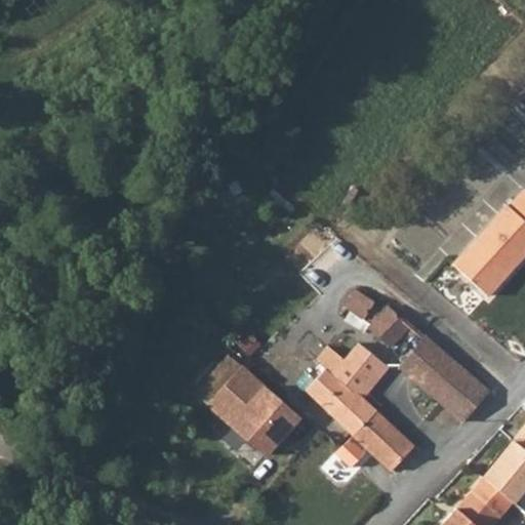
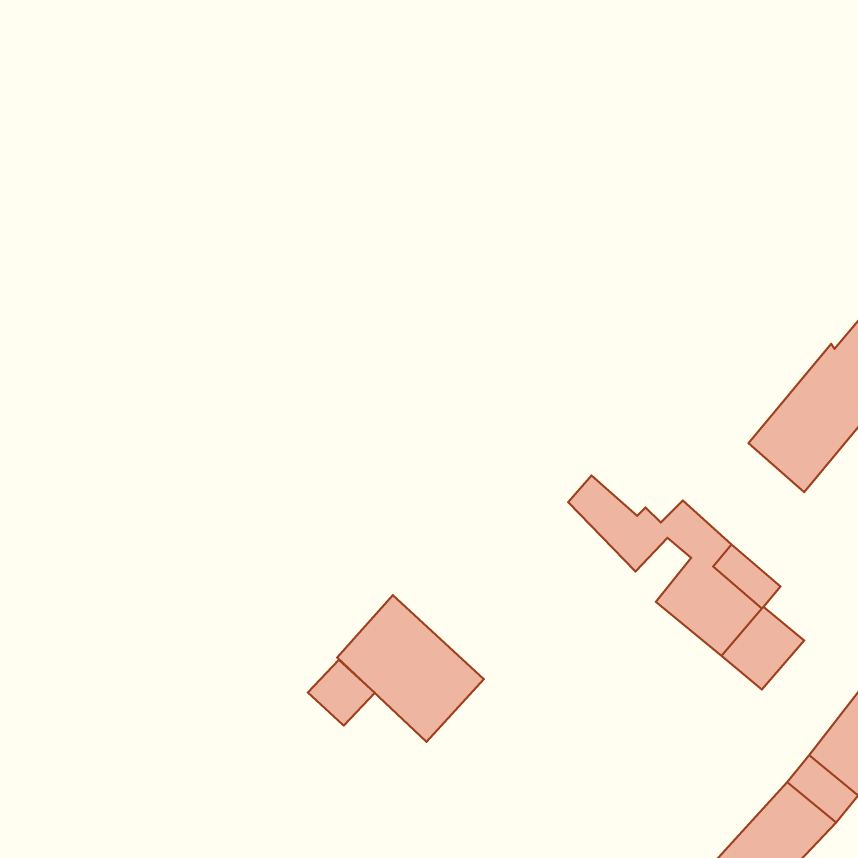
building: [296,344,414,472] -> none
building: none -> [308,660,375,725]

